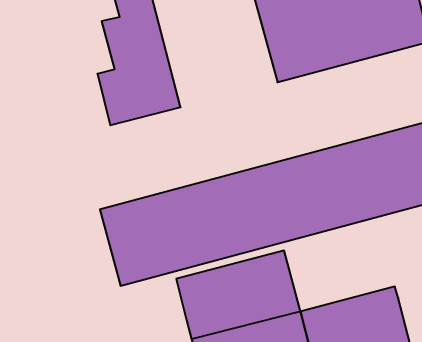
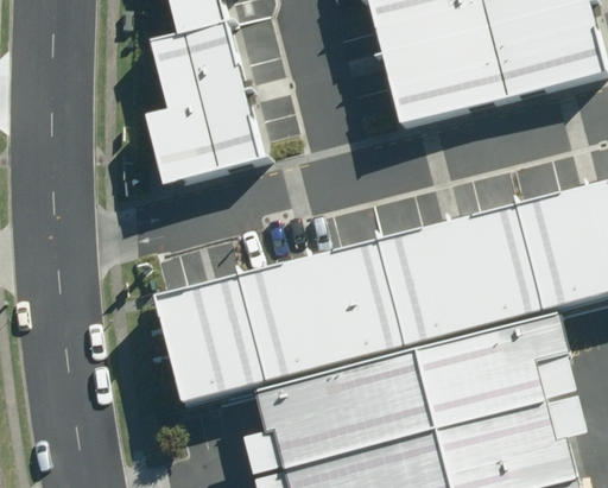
building: none -> [408,323,562,441]

